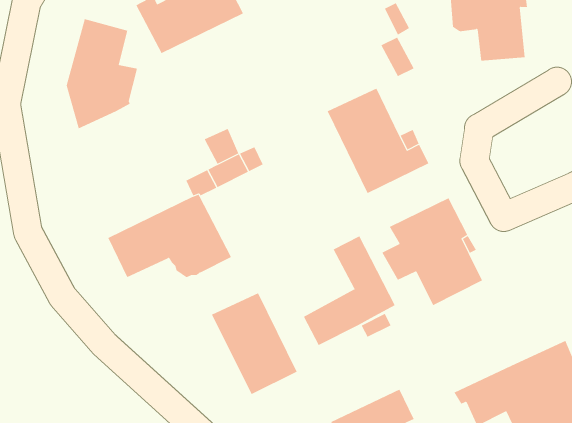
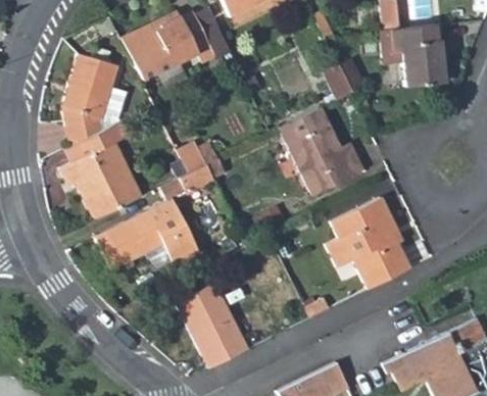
building: none -> [62,118,141,218]
building: [303,236,395,346] -> none

